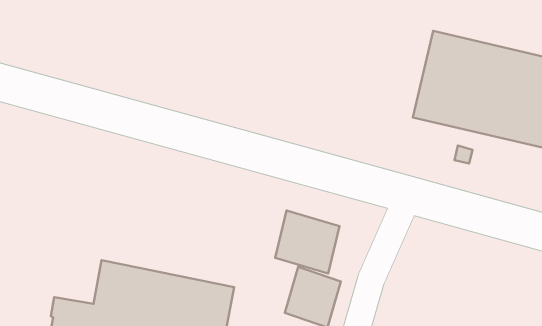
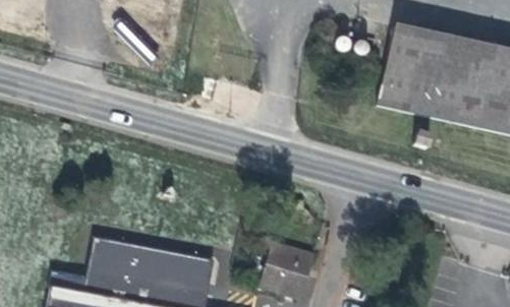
building: [275,211,340,273] -> none

